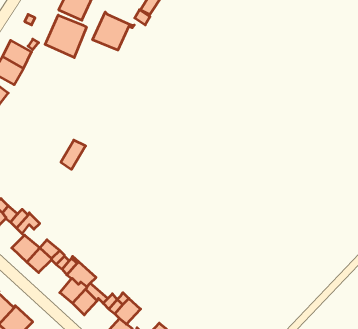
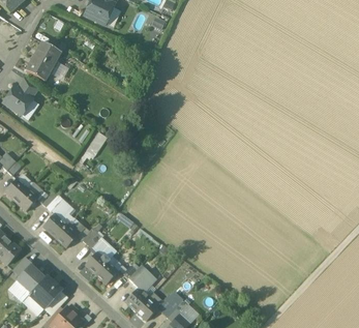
building: [93,12,134,50] -> none
building: [45,15,86,58] -> none

